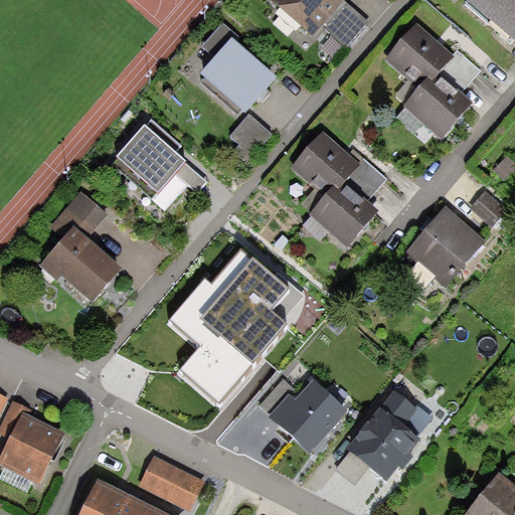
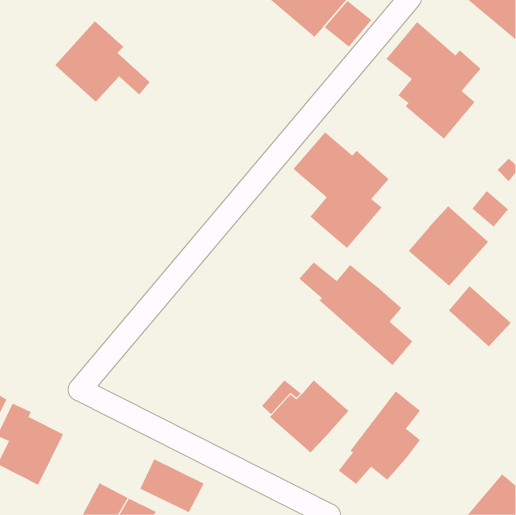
building: [201,22,276,113] -> none
building: [230,113,272,160] -> none
building: [112,119,207,200] -> [54,20,151,102]
building: [40,190,122,303] -> none
building: none -> [299,262,413,366]
building: [174,261,302,407] -> none
building: none -> [448,286,511,347]

